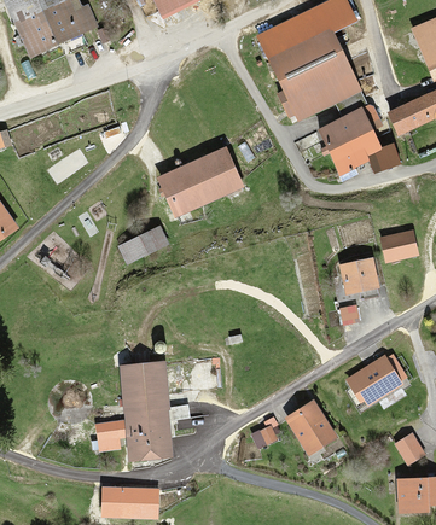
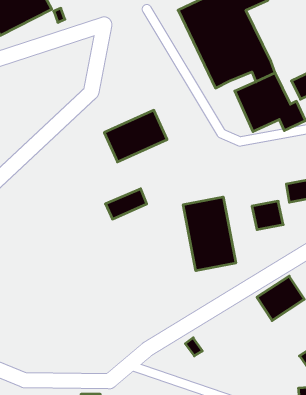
building: [117,227,167,263] -> [105,189,147,219]
building: none -> [183,197,236,271]
building: [97,366,170,461] -> none
building: [284,399,337,456] -> none

